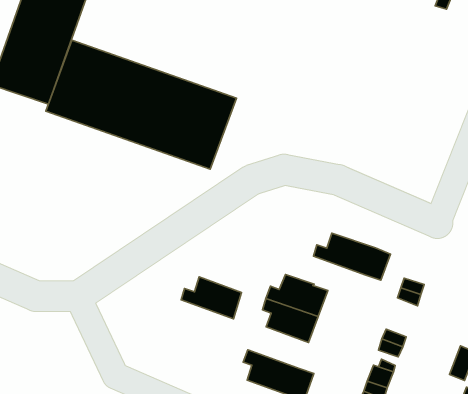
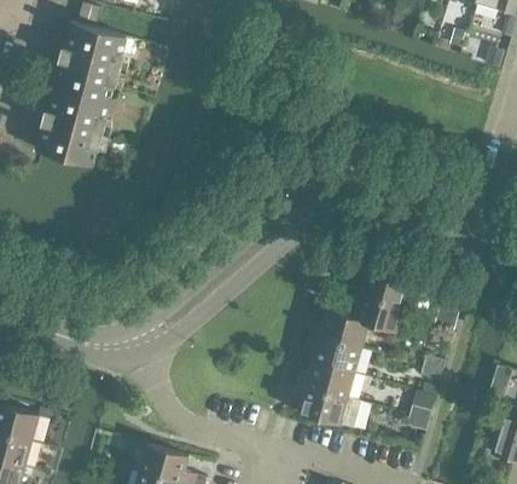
building: [46,40,236,169] -> none
building: none -> [349,290,403,332]
building: [181,277,242,319] -> [297,361,354,398]

